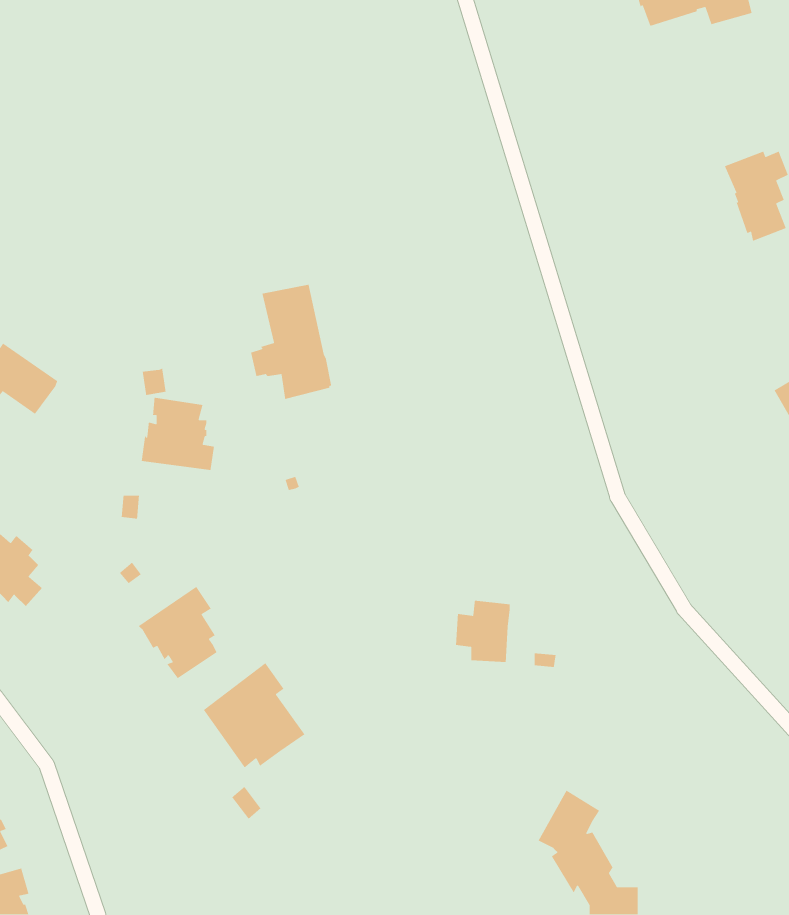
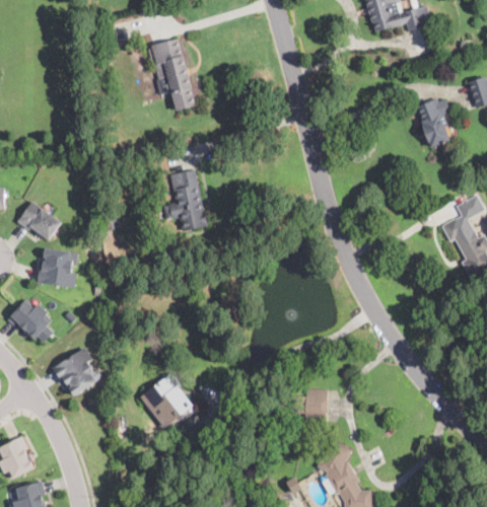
building: none -> [149,39,196,110]
building: [141,397,215,471] -> [38,247,77,287]
building: [138,586,218,679] -> [53,346,95,395]
building: [455,600,510,663] -> [296,388,326,422]

